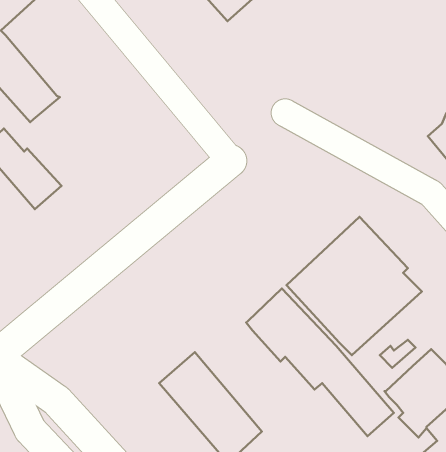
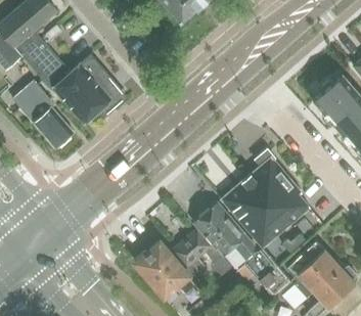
building: none -> [54,55,118,123]
building: none -> [173,228,224,275]

